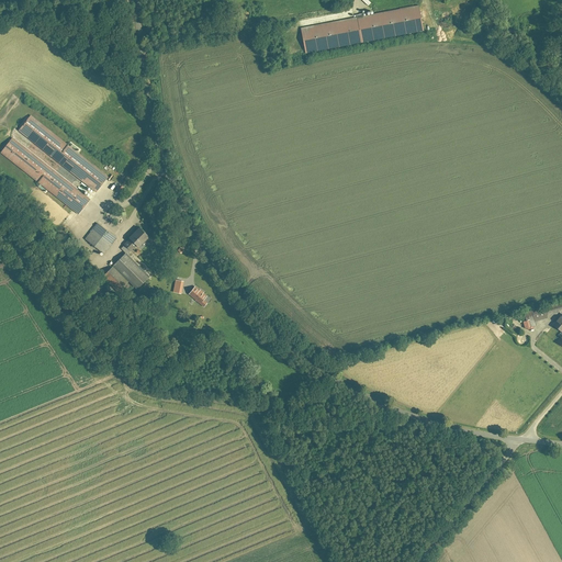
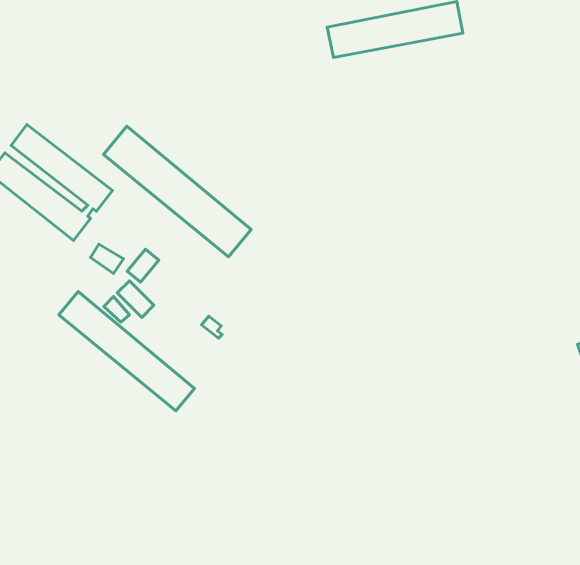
building: none -> [103,126,251,257]
building: none -> [59,291,195,411]

